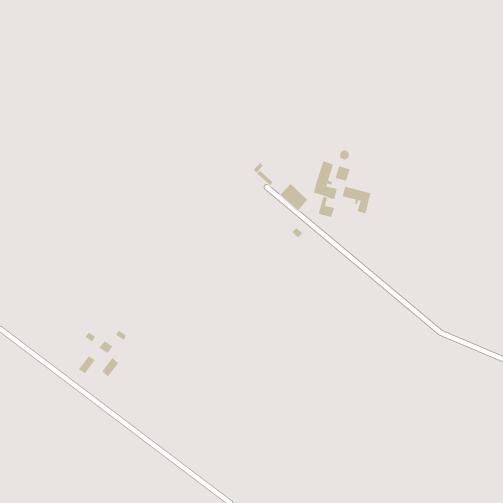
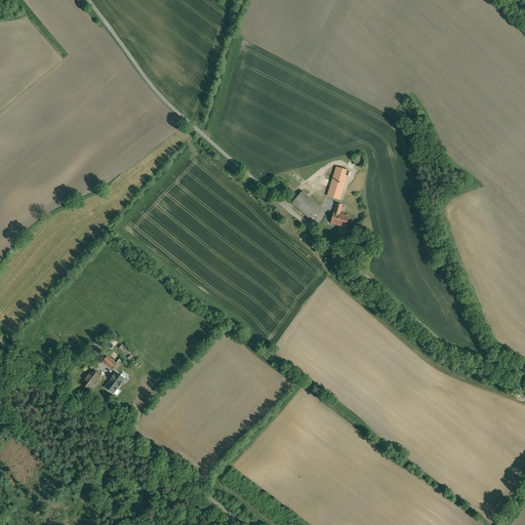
building: [342,186,371,214] -> none

